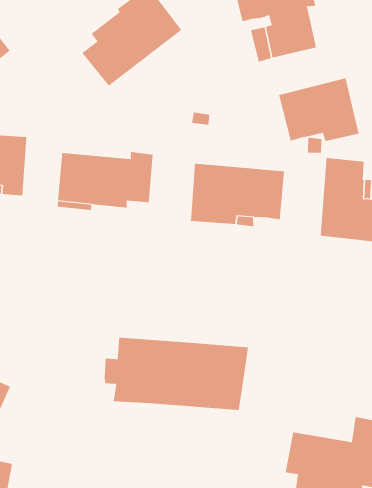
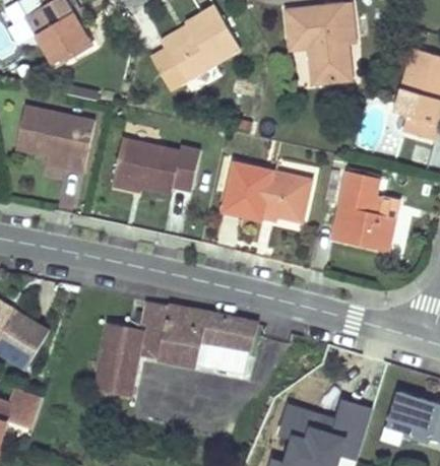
building: [279,78,359,142] -> none
building: none -> [96,328,141,397]

